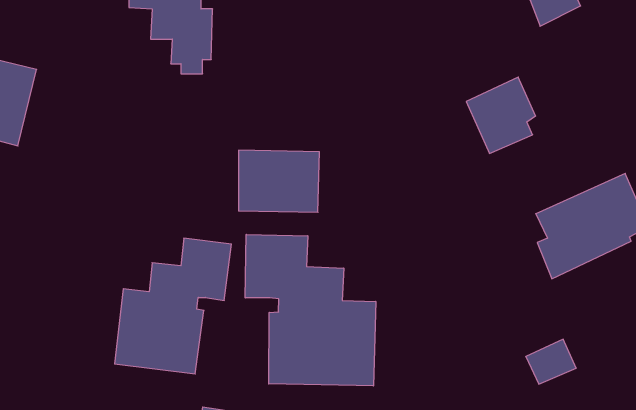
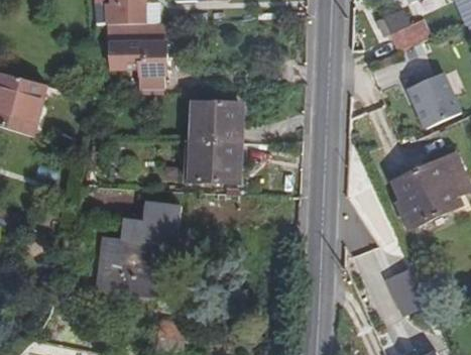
building: [466,77,536,153] -> [407,74,456,127]
building: none -> [186,102,242,140]
building: [245,234,376,386] -> none

